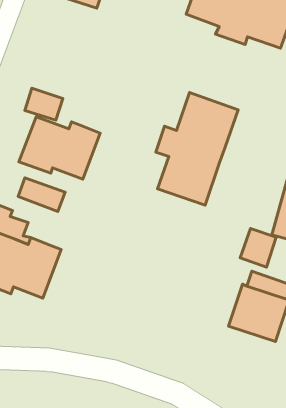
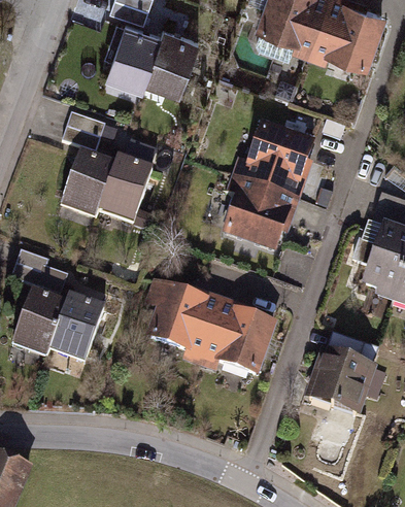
building: none -> [107,18,204,92]
building: [18,178,65,212] -> none
building: none -> [146,276,288,377]
building: [240,228,276,267] -> none

